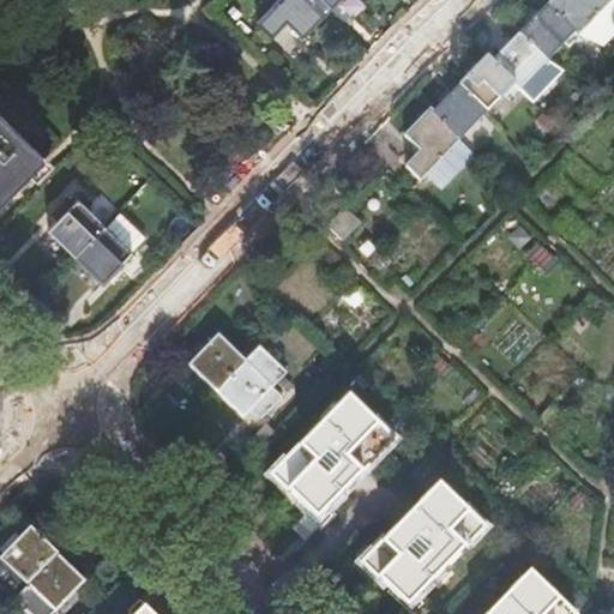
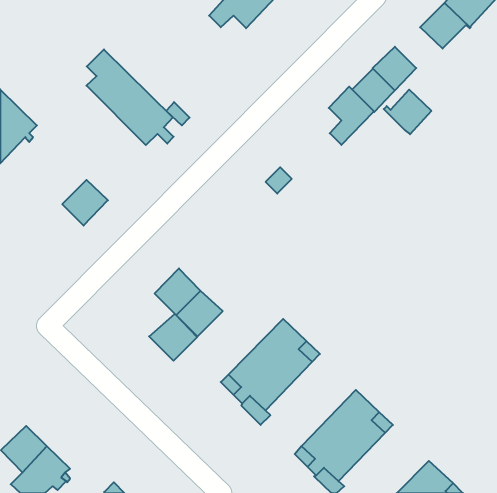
building: [487,34,546,89] -> [384,90,431,134]
building: none -> [86,49,174,145]
building: [49,195,107,252] -> none
building: none -> [149,314,197,361]

